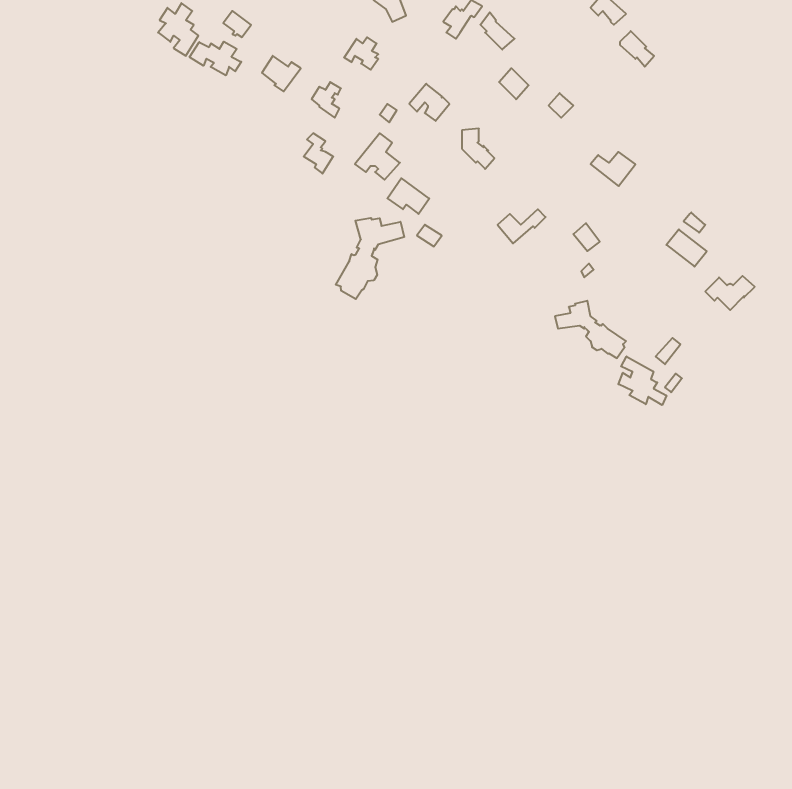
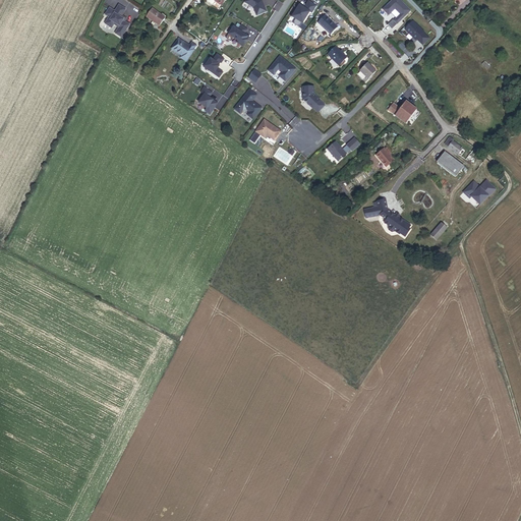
building: [190,42,241,75] -> none
building: [336,218,404,299] -> none
building: [618,356,666,405] -> none

